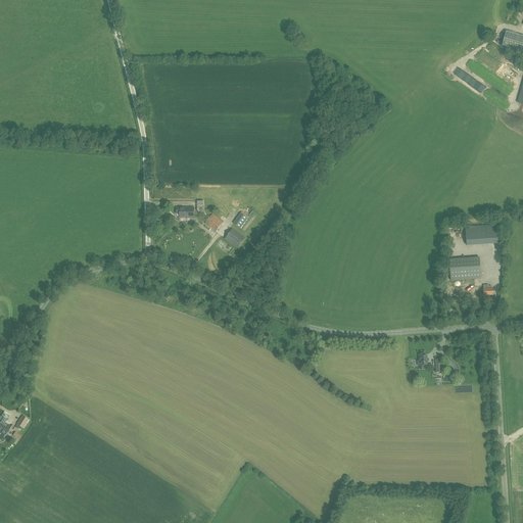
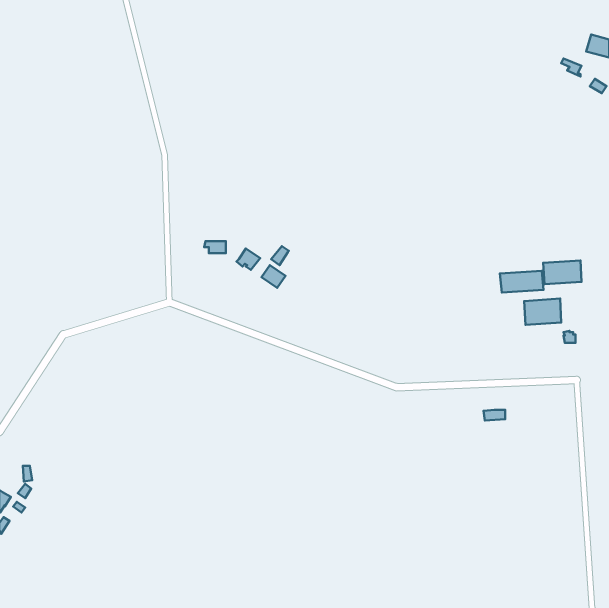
building: none -> [500,271,543,293]

